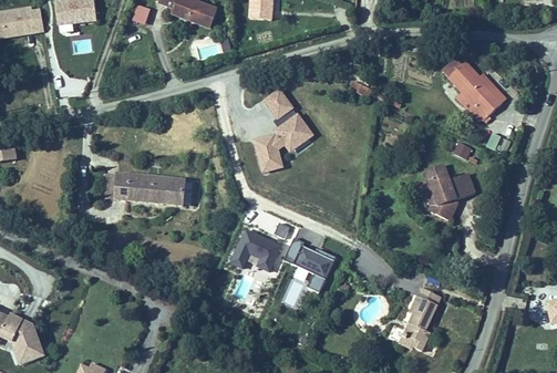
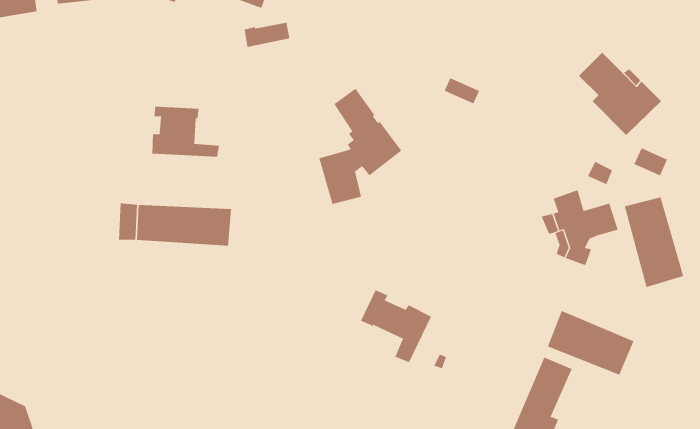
building: none -> [152,106,219,157]
building: none -> [624,196,684,288]
building: [229,228,281,271] -> none
building: none -> [547,310,634,376]

